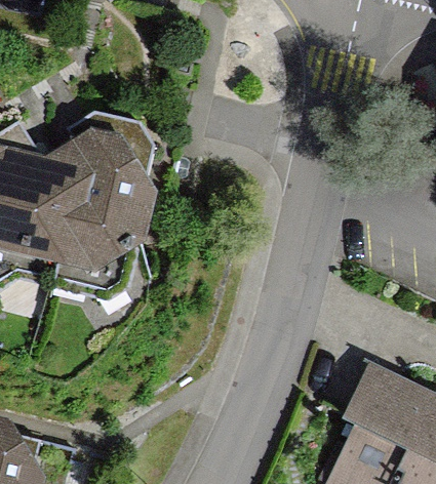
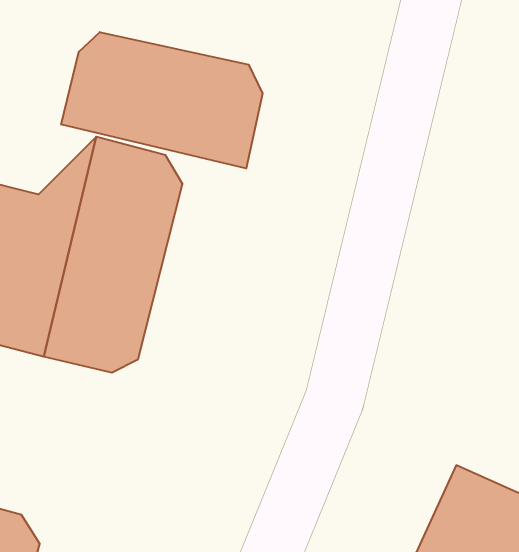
building: none -> [61,32,263,168]

